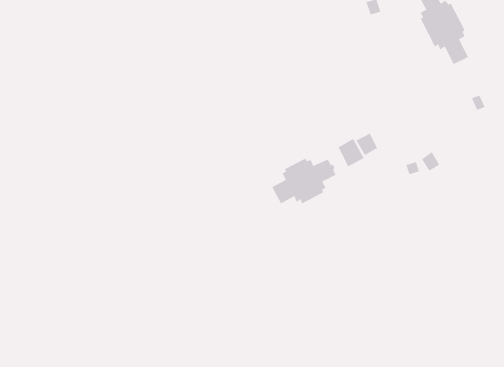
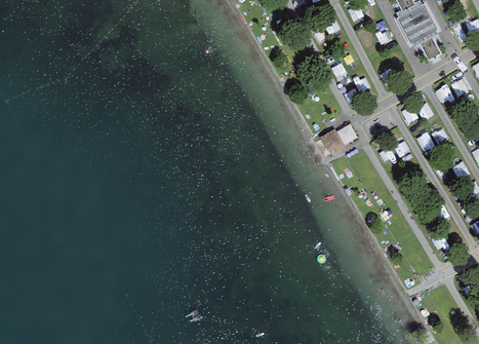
building: [272,158,336,204] -> none

